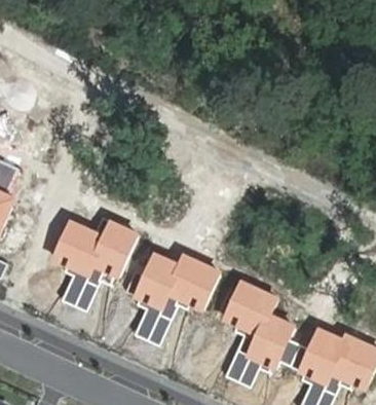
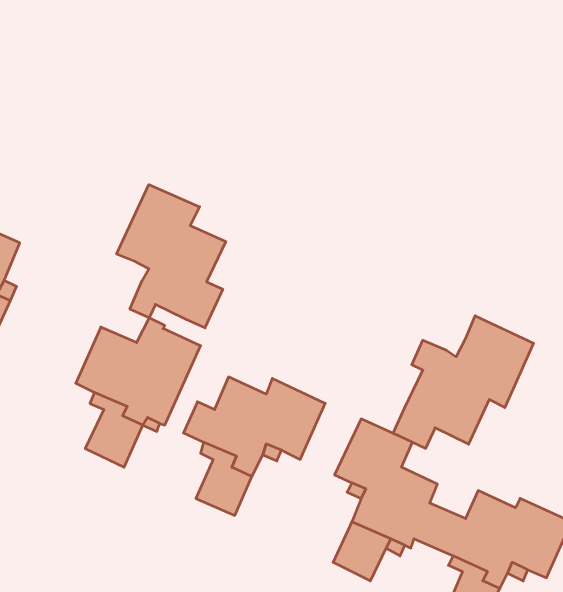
building: none -> [117,185,226,328]
building: none -> [393,316,534,448]

